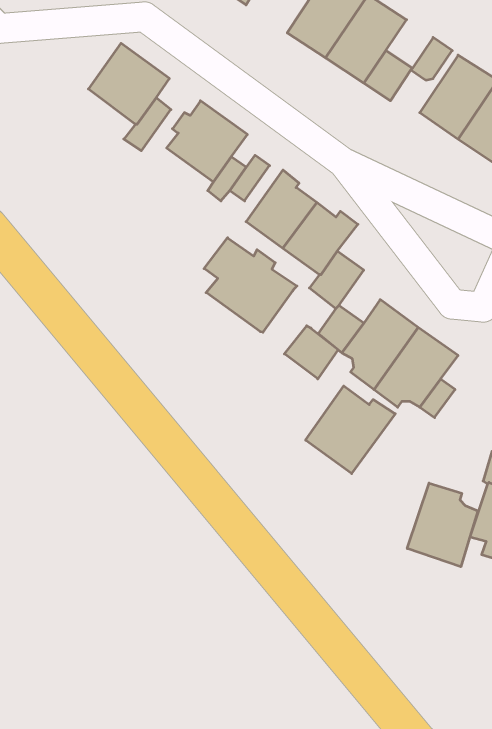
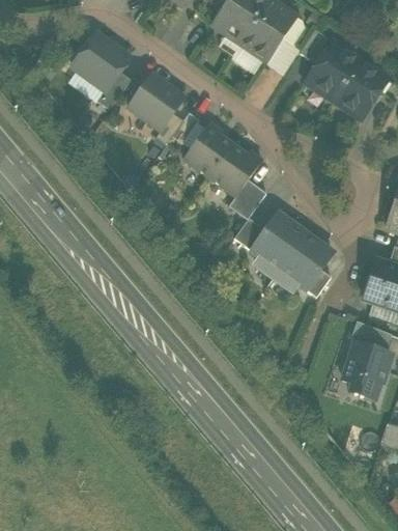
building: [204,238,297,332] -> none
building: [284,326,338,379] -> none
building: [306,386,395,474] -> none
building: [407,483,478,567] -> none

